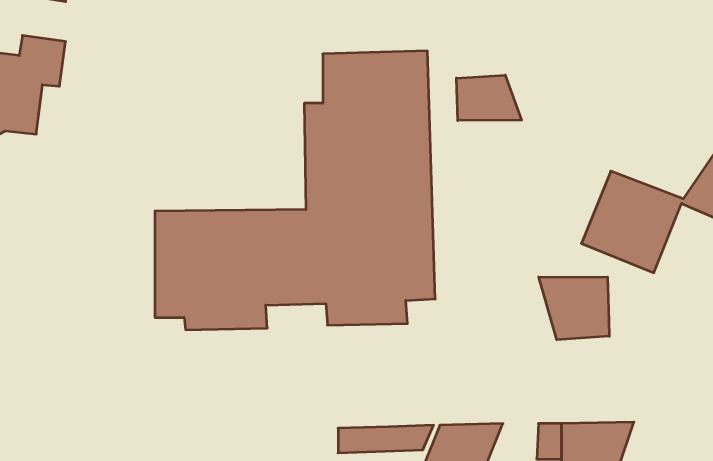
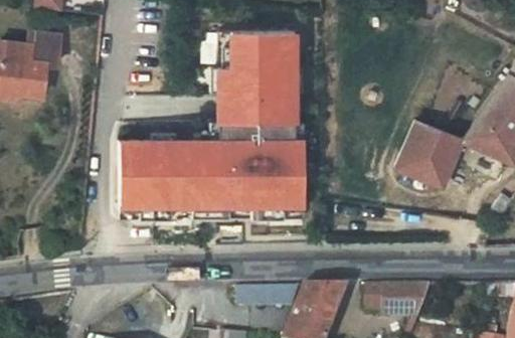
building: [456,75,522,121] -> none
building: [539,277,609,340] -> none

